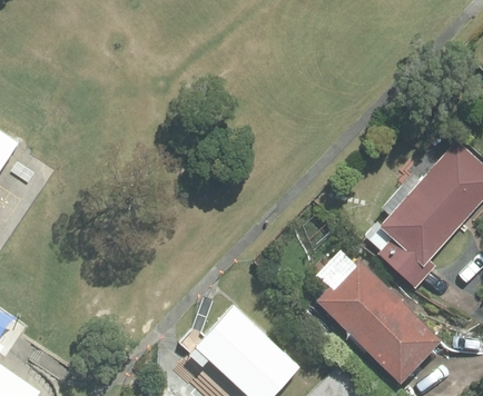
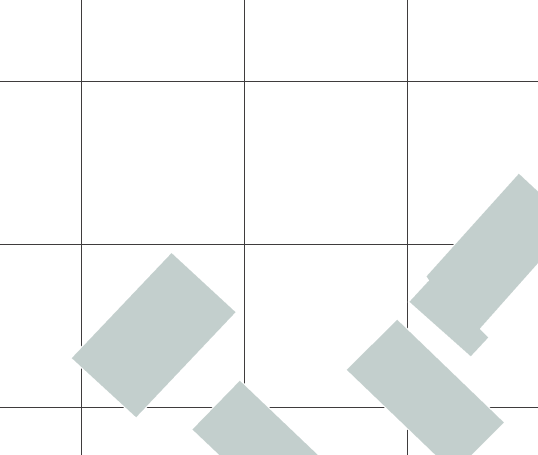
building: none -> [71,252,237,418]

